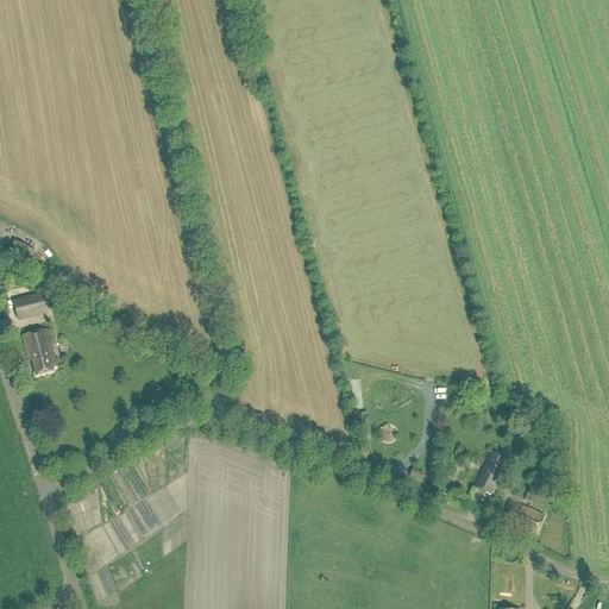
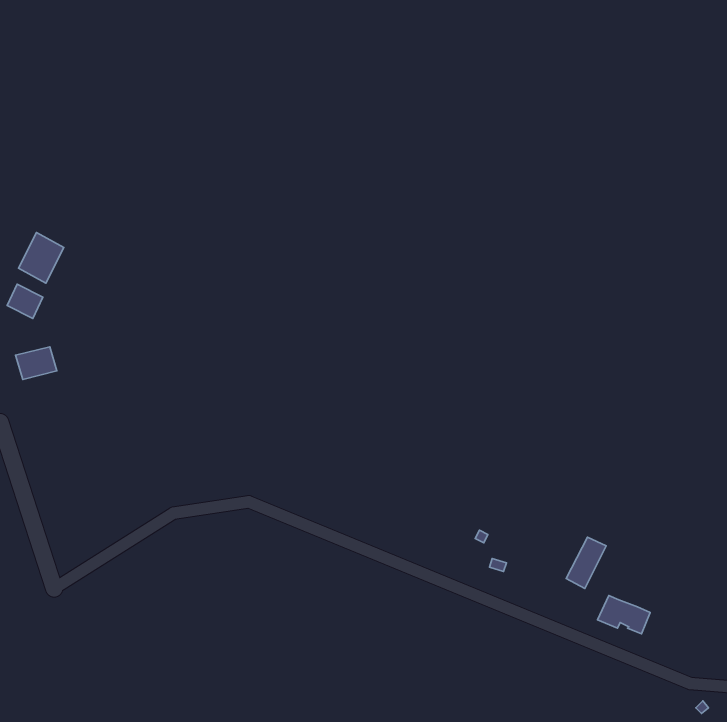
building: none -> [18,232,64,283]
building: [23,327,55,373] -> none

